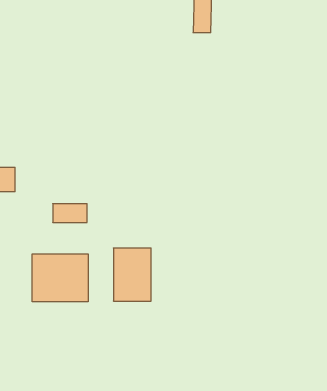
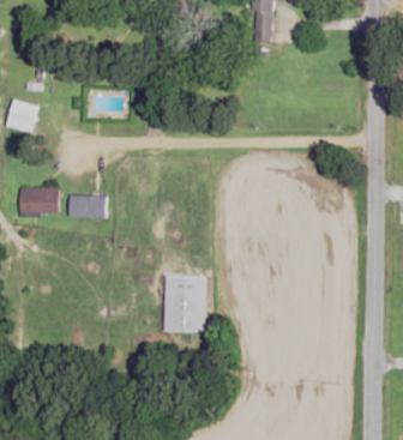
building: [53,204,87,222] -> [68,195,106,216]
building: [32,254,88,302] -> none

